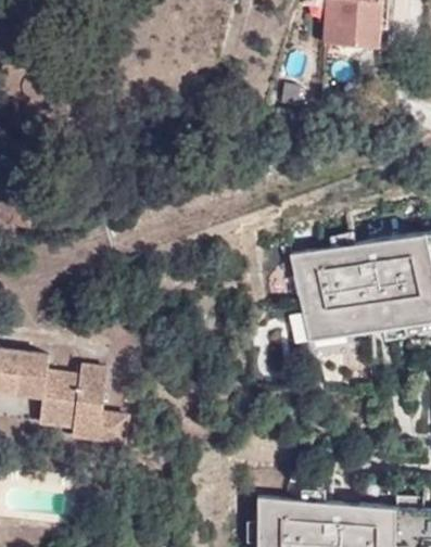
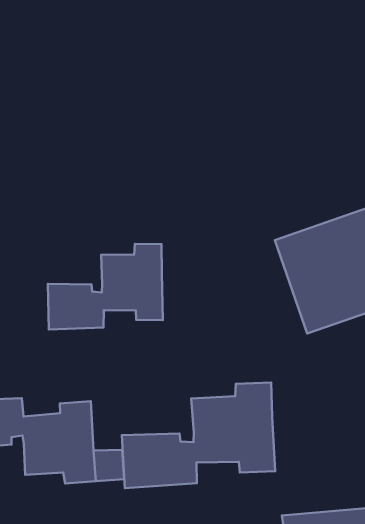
building: none -> [48,244,163,330]
building: none -> [122,383,275,488]

